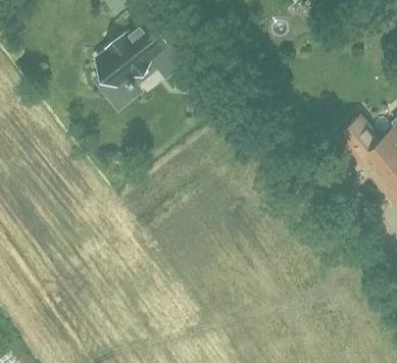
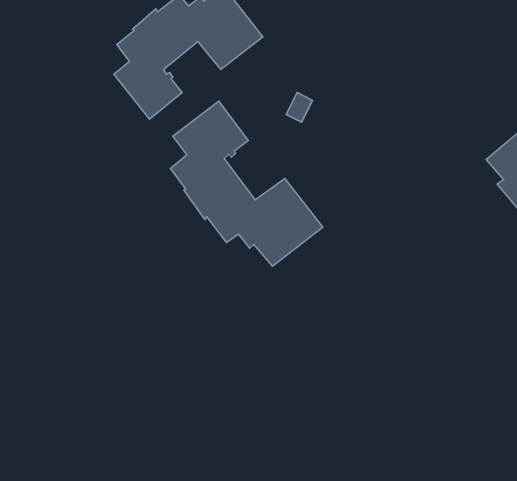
building: none -> [170,101,323,266]

